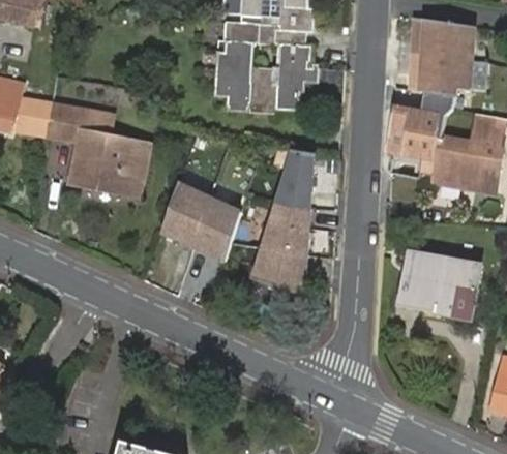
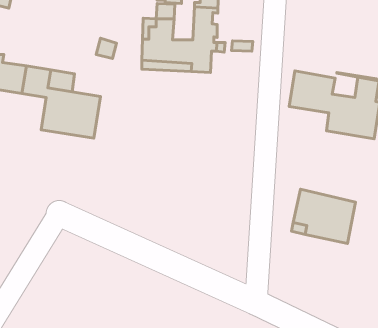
building: [408,20,473,98] -> none
building: [251,148,317,294] -> none
building: [161,180,242,265] -> none

